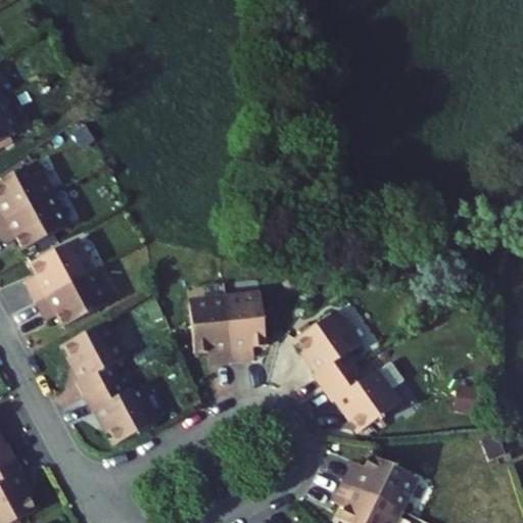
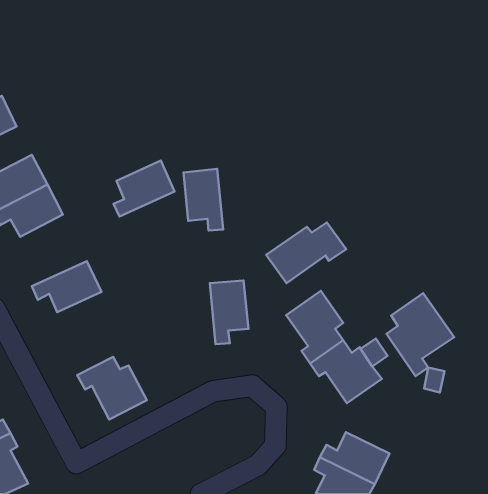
building: none -> [266,222,346,283]
building: [28,243,92,302] -> [114,160,174,217]
building: [186,299,228,365] -> [183,169,223,231]
building: none -> [386,293,454,376]
building: [63,322,123,396] -> none

